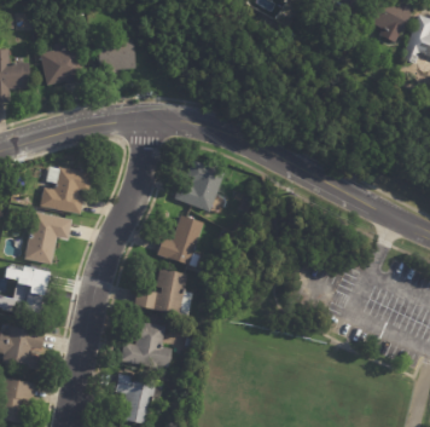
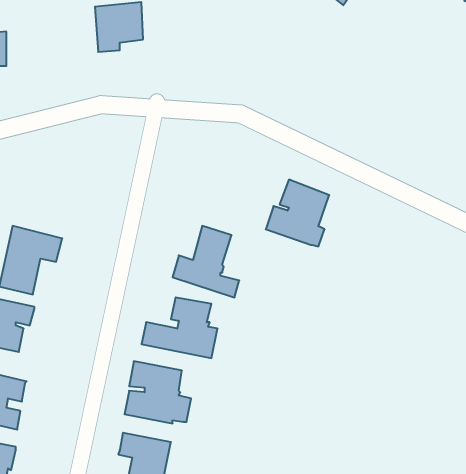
building: [41,46,86,85] -> none
building: [175,158,225,210] -> [266,180,329,246]
building: [40,167,93,215] -> none

